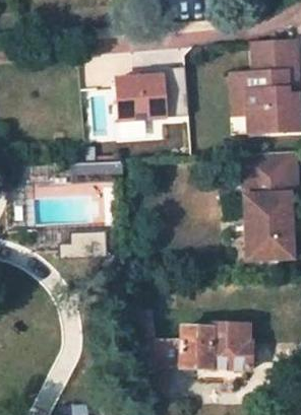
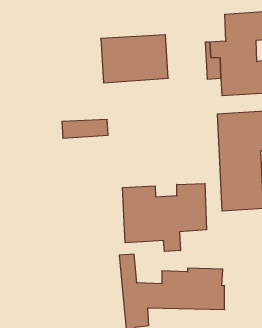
building: none -> [123,183,207,251]

